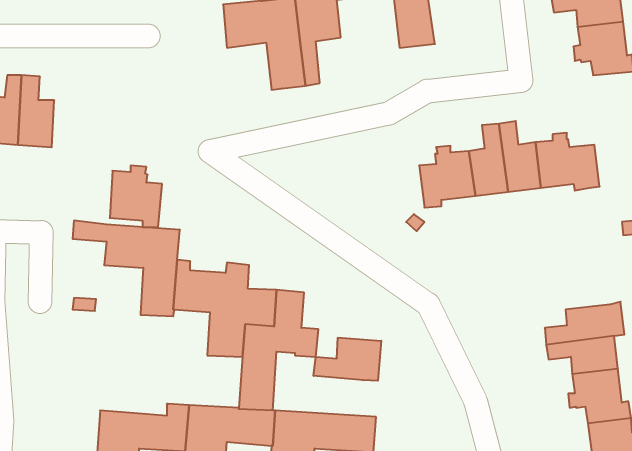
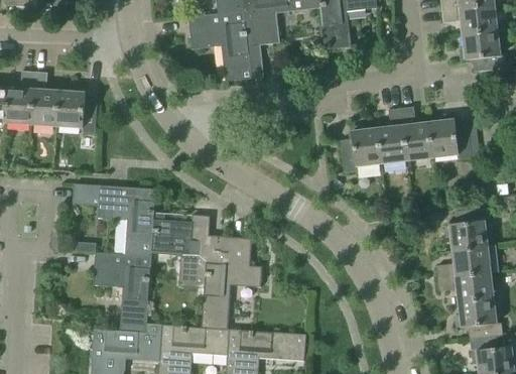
building: [110,166,162,227] -> [56,87,97,134]
building: none -> [444,208,489,252]
building: none -> [93,253,150,334]
building: [314,338,381,381] -> none

